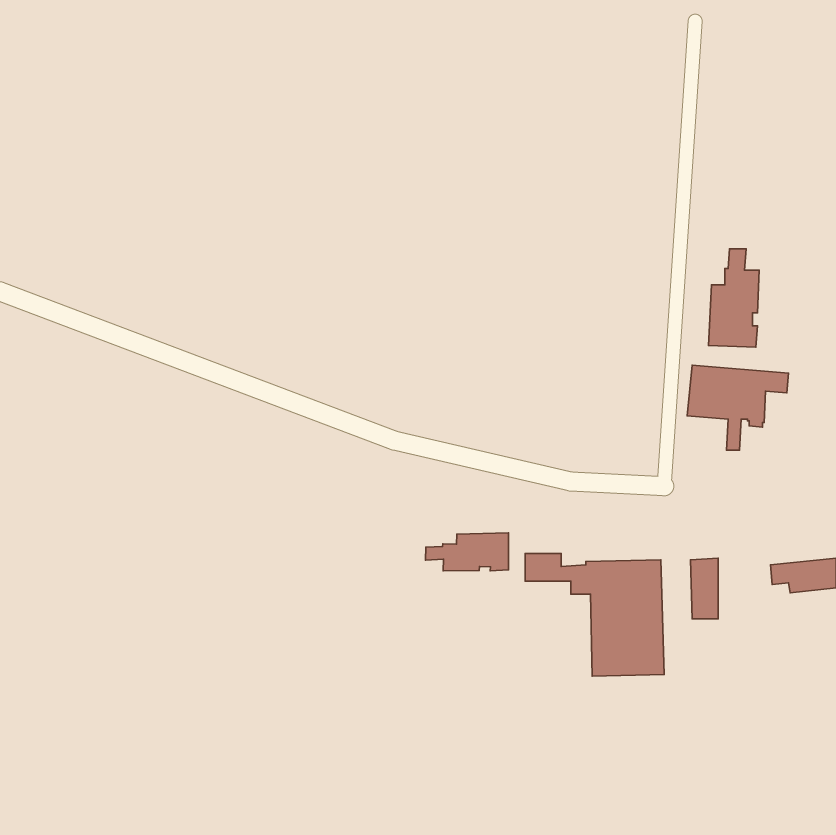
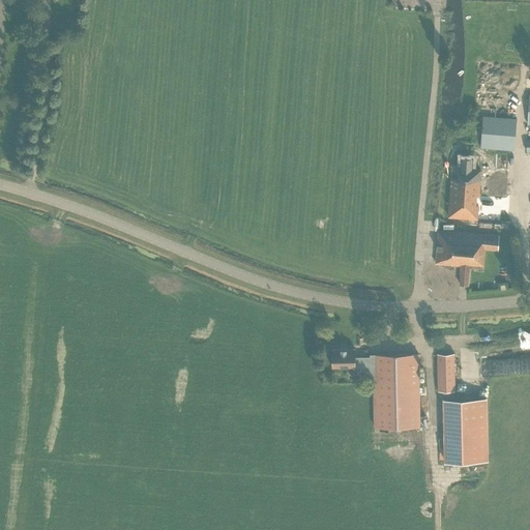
building: none -> [480,117,517,151]
building: [425,533,508,571] -> none
building: none -> [442,400,489,463]

